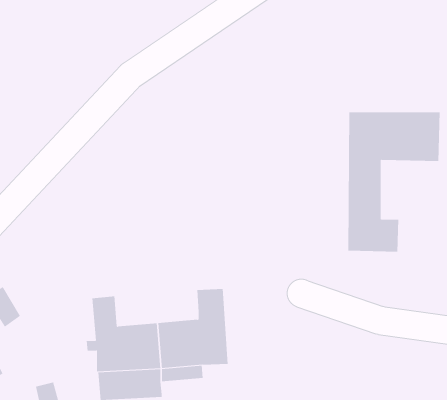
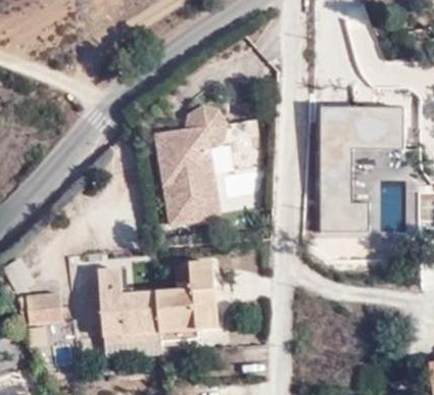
building: none -> [153,106,261,224]
building: none -> [26,294,60,323]

